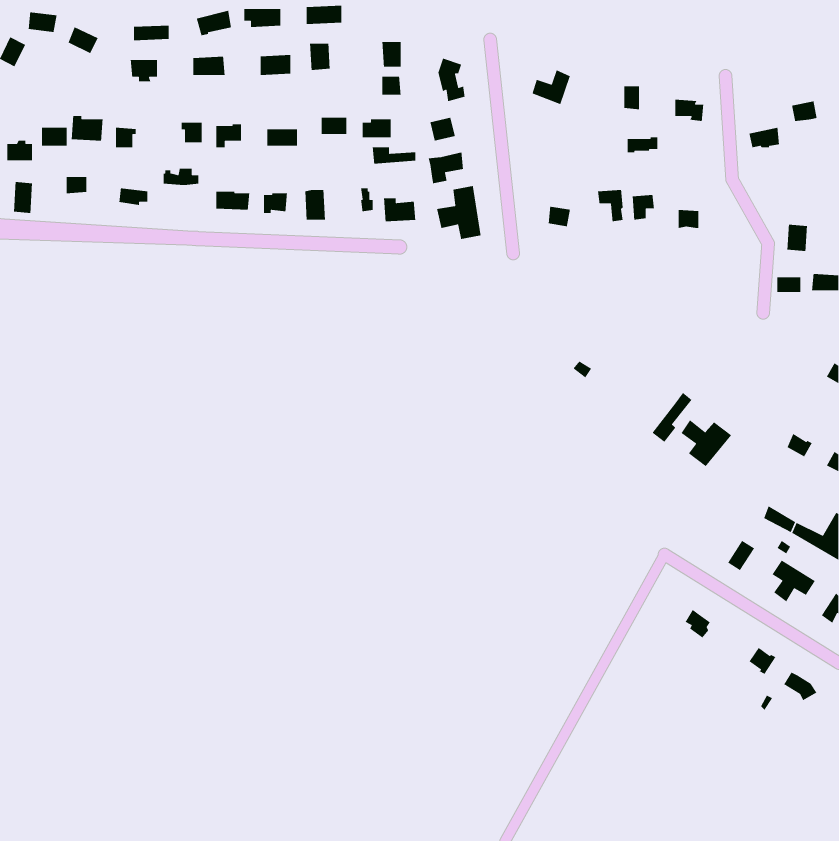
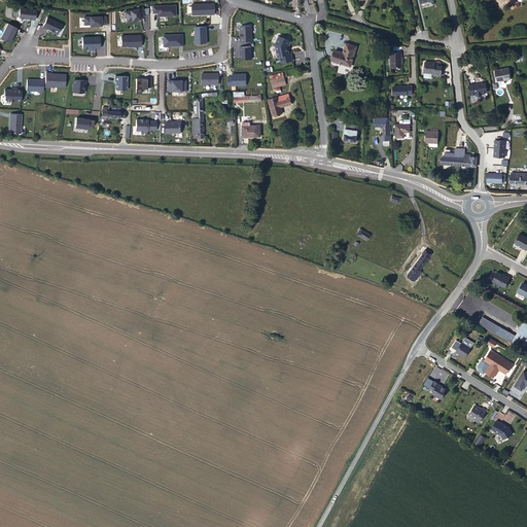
building: [436,185,481,240] -> none
building: none -> [438,144,477,166]
building: [680,419,732,467] -> none

